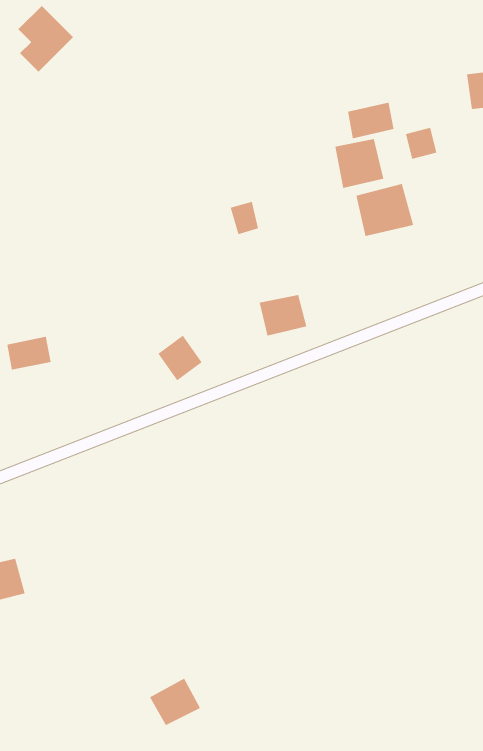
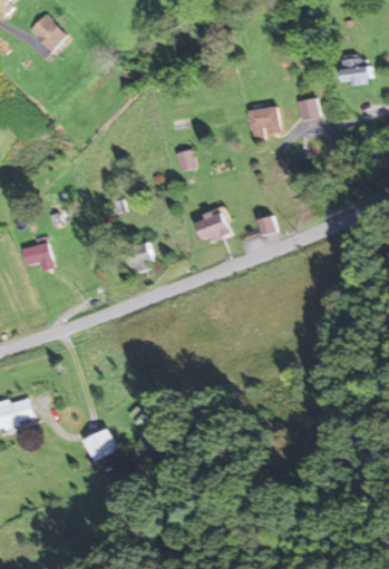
building: [347,102,394,139] -> none
building: [356,183,414,237] -> none
building: [149,678,201,726] -> [81,428,117,461]

